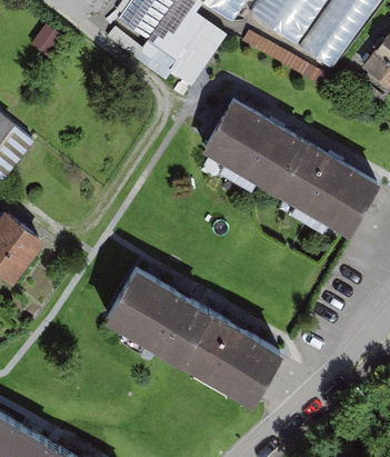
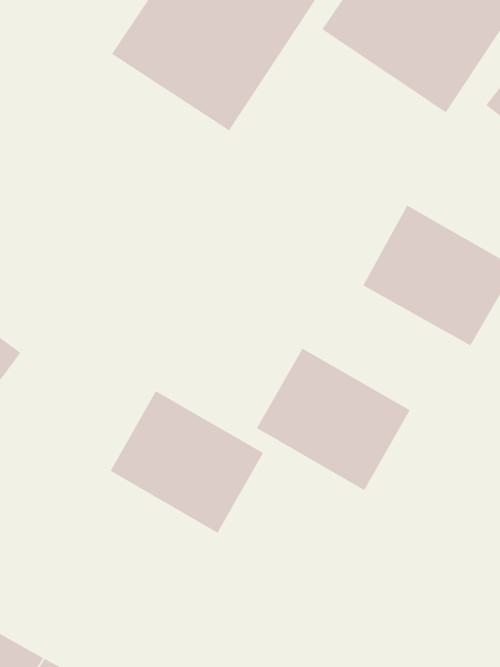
building: [202,98,306,195] -> none
building: [178,308,282,405] -> [256,348,411,491]

